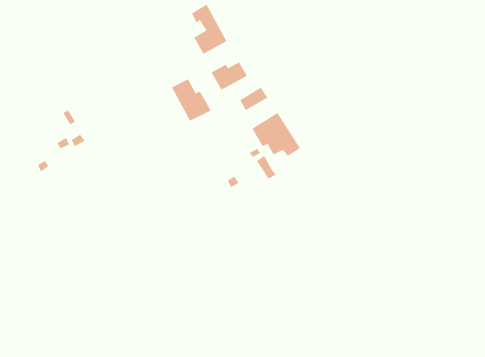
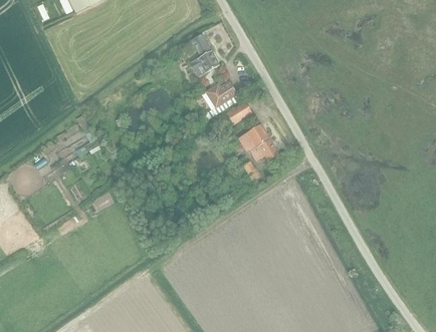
building: [171,78,211,121] -> none

